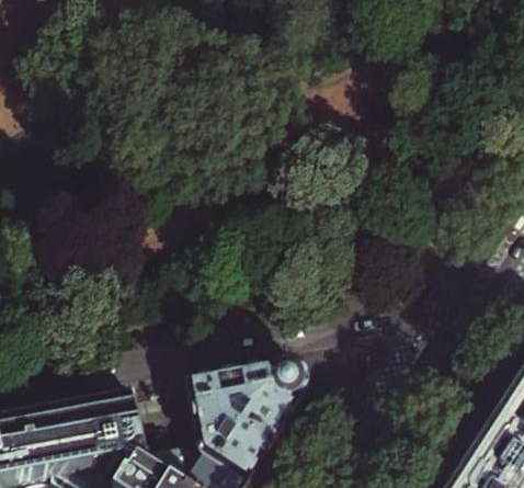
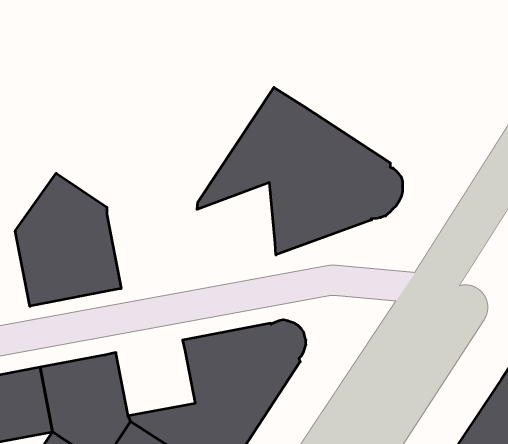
building: none -> [197,87,403,255]
building: none -> [15,173,121,306]

